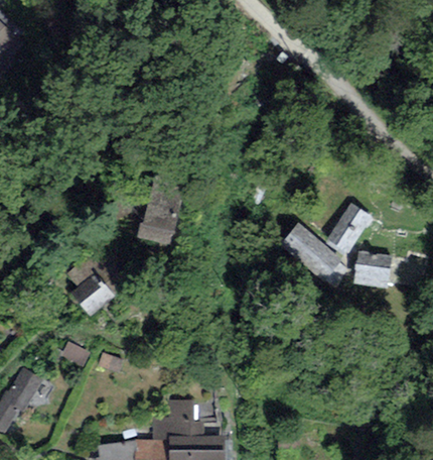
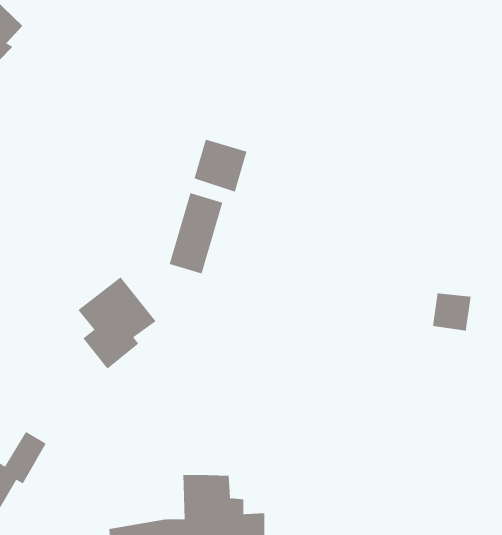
building: none -> [194,139,247,192]
building: [325,203,369,252] -> none
building: [281,225,340,281] -> none

